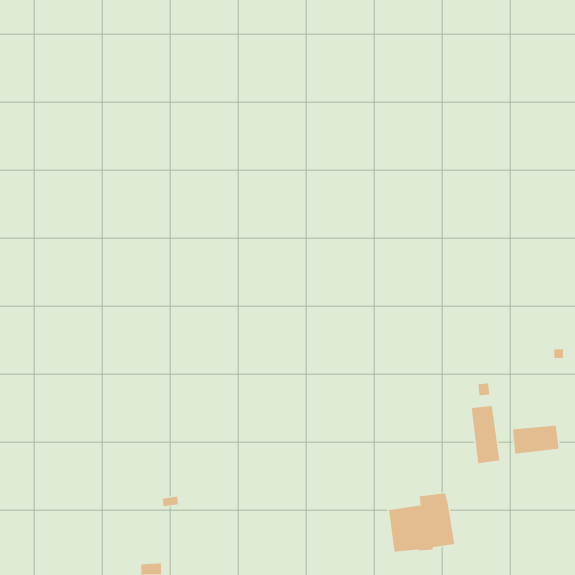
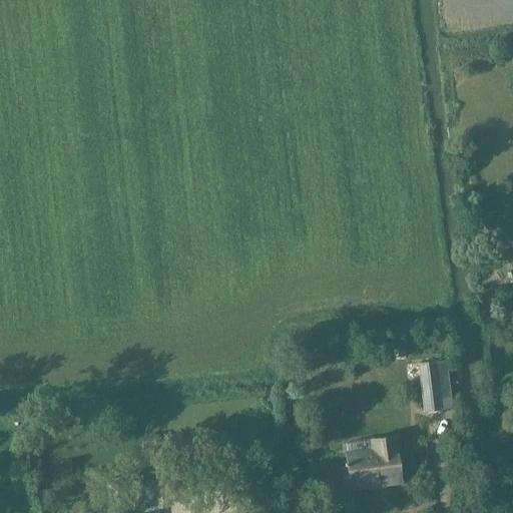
building: [512,425,560,454] -> none

